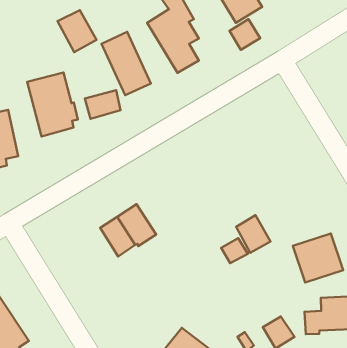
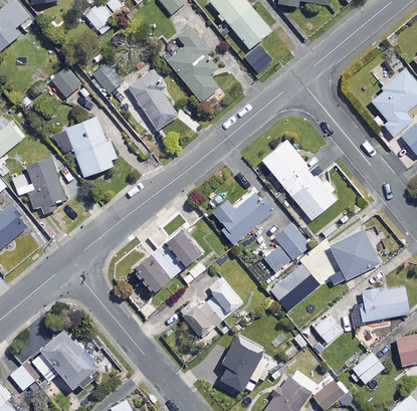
building: none -> [51,67,79,96]
building: [85,90,121,119] -> none
building: none -> [261,140,336,220]
building: none -> [209,187,271,243]
building: none -> [134,257,169,293]
building: none -> [268,263,318,311]
building: none -> [179,275,241,336]

